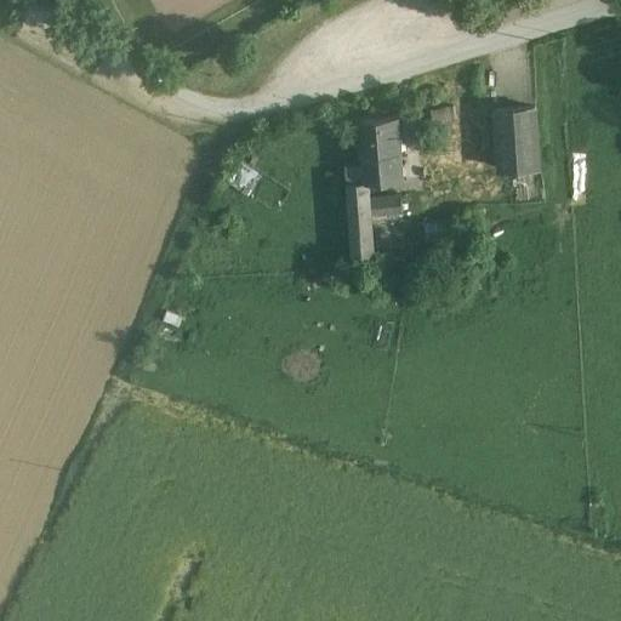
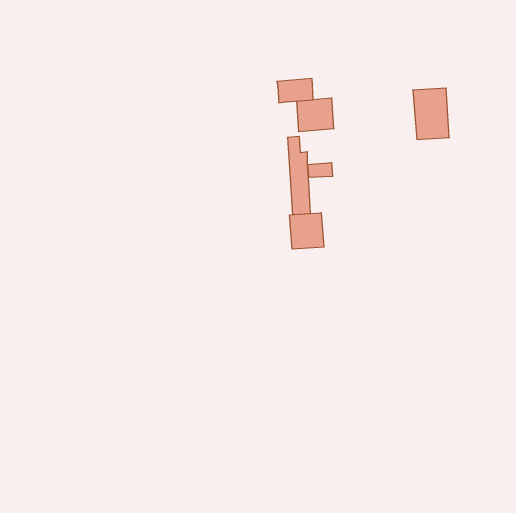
building: [359,159,403,188] -> [277,79,313,103]
building: none -> [290,213,324,249]

